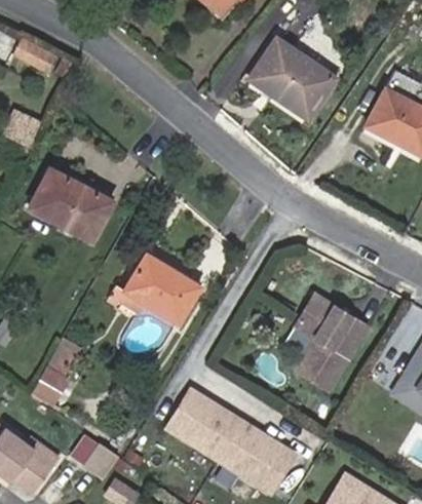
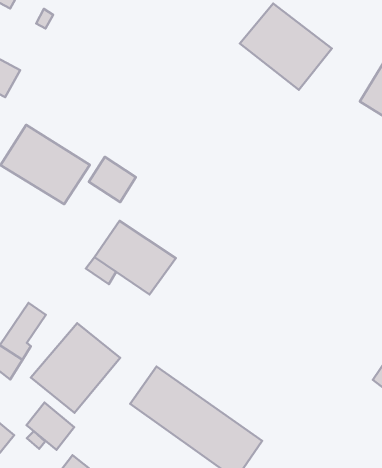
building: none -> [89,157,136,202]
building: [295,294,368,390] -> none
building: none -> [31,323,120,413]

